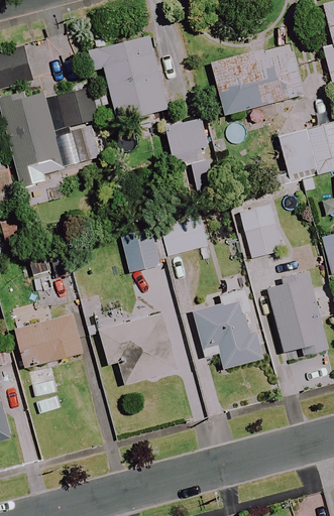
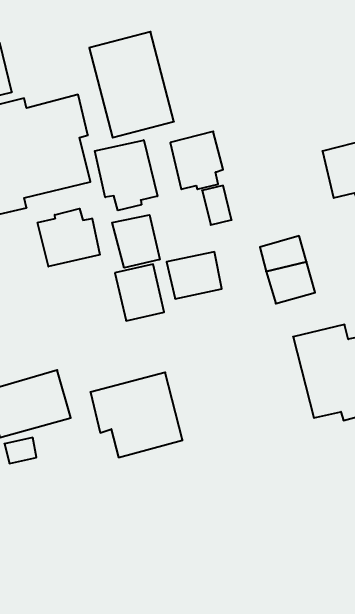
building: [211,51,302,114] -> none
building: none -> [95,140,157,210]
building: none -> [38,209,100,267]
building: none -> [112,215,160,268]
building: [192,290,262,368] -> none

